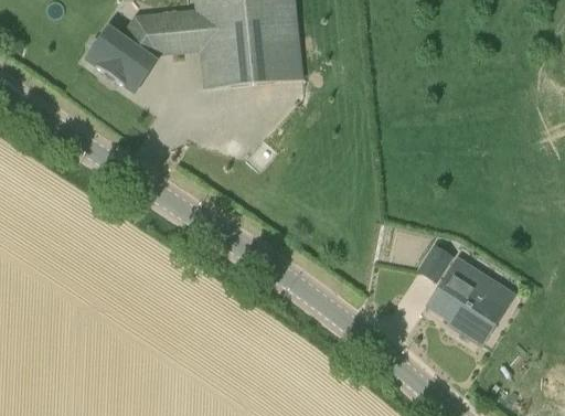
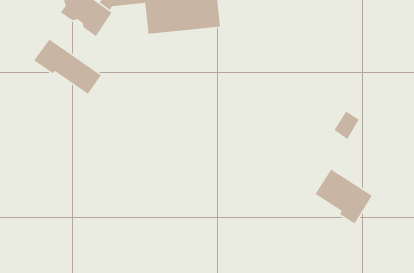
building: none -> [33,39,102,95]
building: [418,242,454,281] -> [333,111,360,140]

